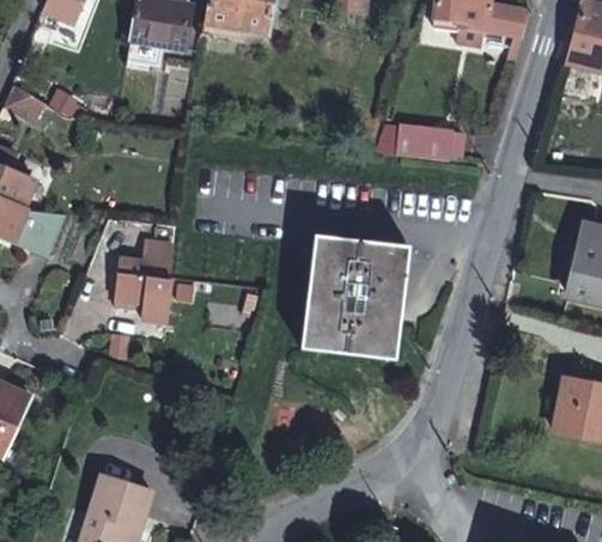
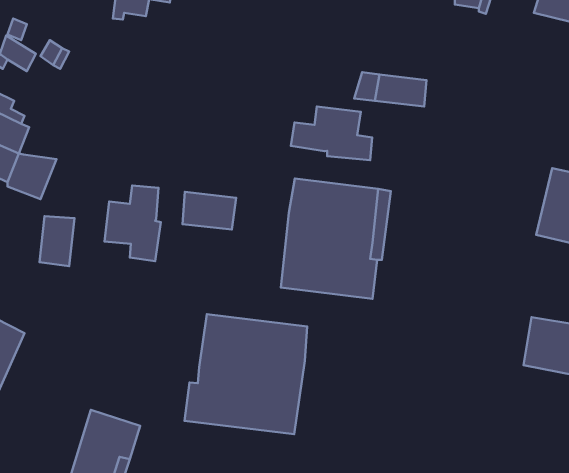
building: none -> [291,106,372,160]
building: none -> [183,192,236,229]
building: none -> [39,216,75,266]
building: none -> [184,314,307,434]

